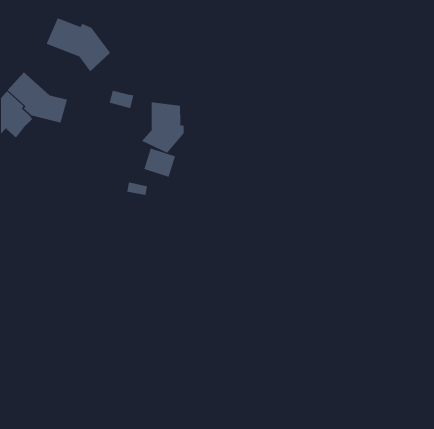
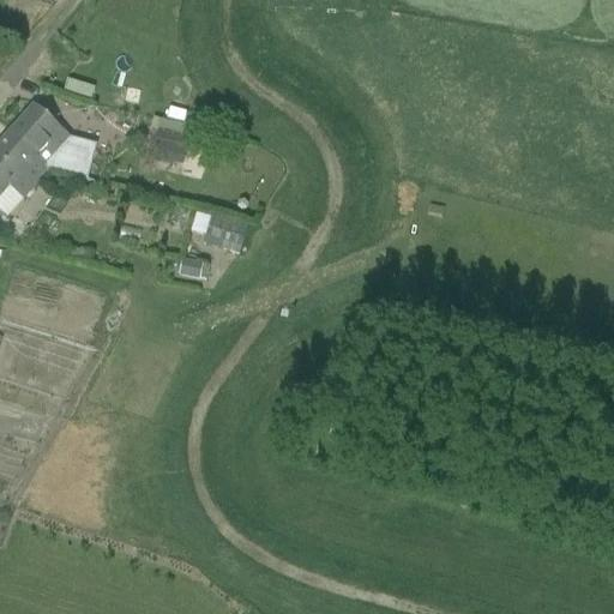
building: [46,17,111,72] -> none
building: [141,101,184,153] -> none

